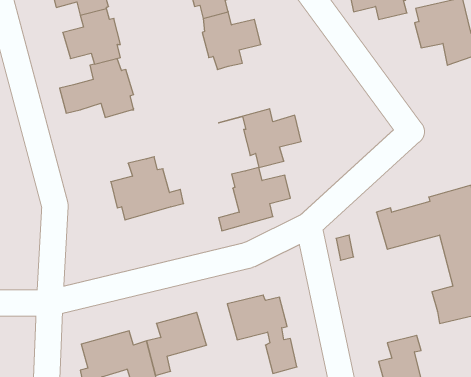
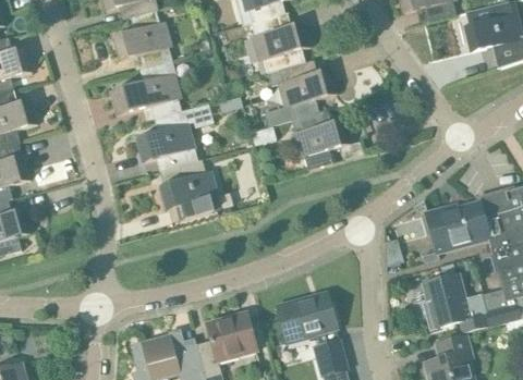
building: none -> [136,103,214,168]
building: [219,168,290,231] -> [265,61,337,124]
building: none -> [421,273,489,331]

